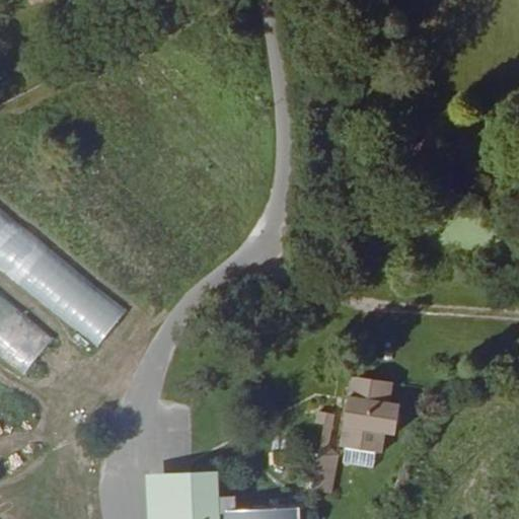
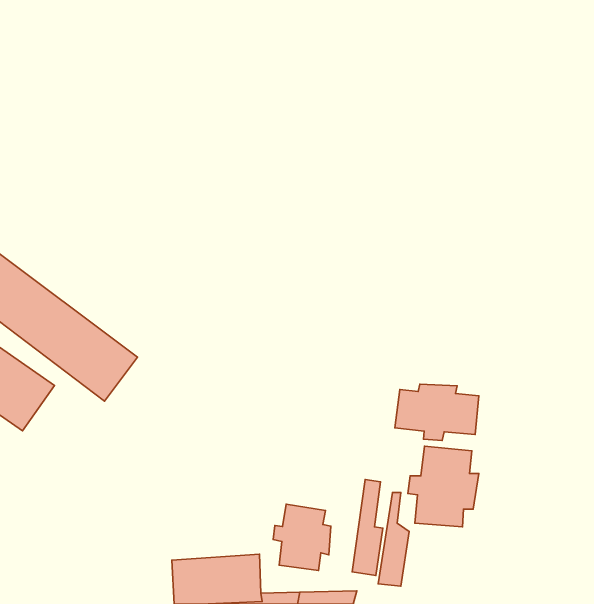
building: none -> [395,384,479,441]
building: none -> [273,504,331,571]

